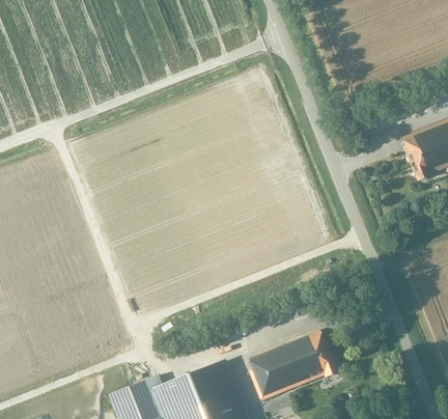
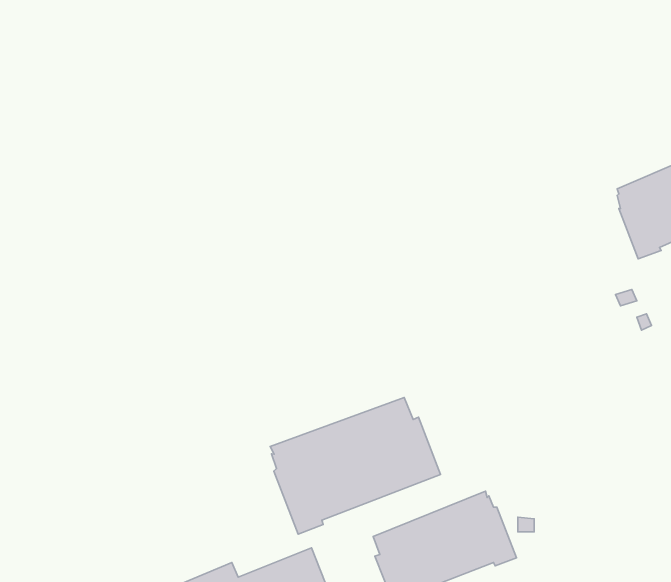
building: none -> [270,398,440,534]

